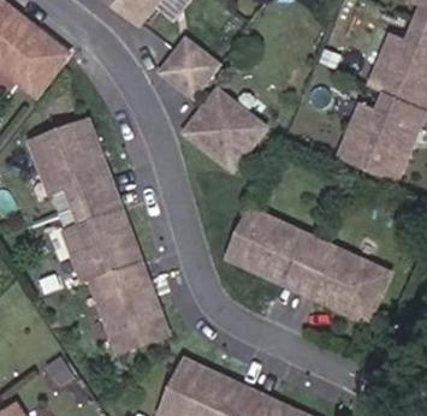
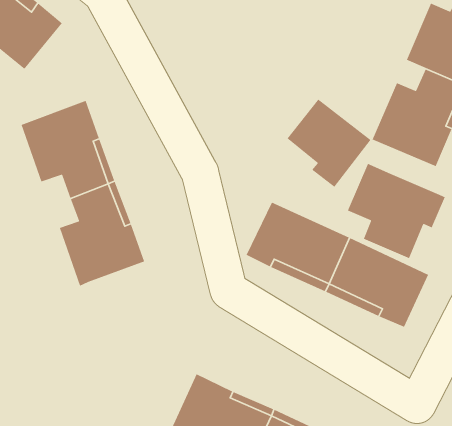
building: [161,38,217,94] -> none
building: [189,89,263,167] -> [287,99,372,188]
building: none -> [347,163,446,259]
building: [90,261,165,347] -> none

